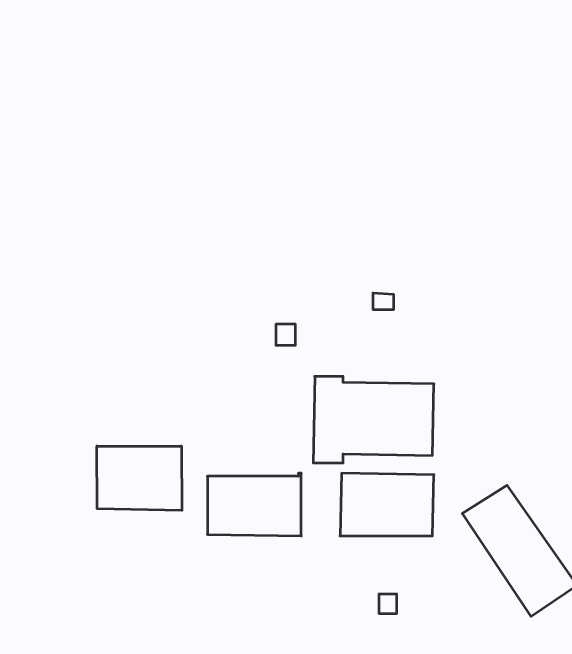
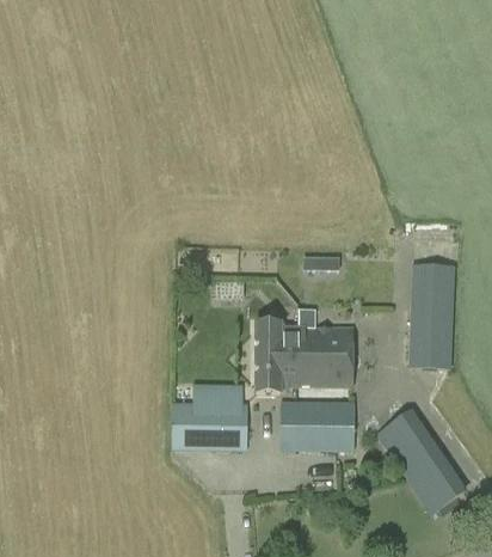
building: none -> [408,263,455,367]
building: [97,446,182,510] -> none

